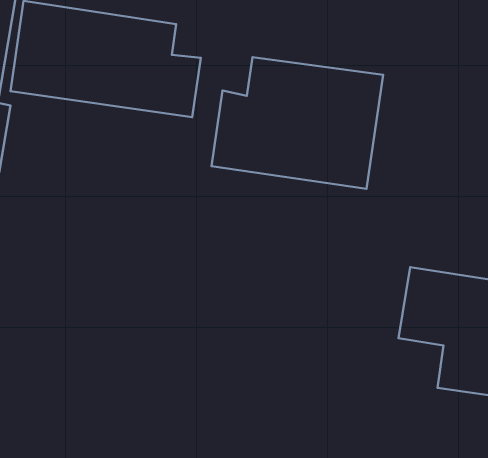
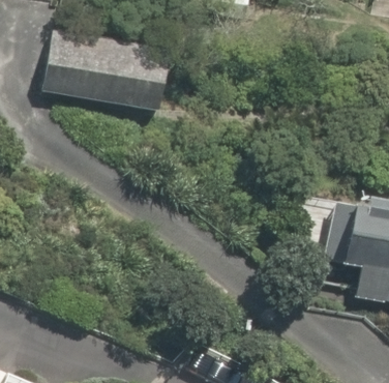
building: [211,57,383,189] -> none

